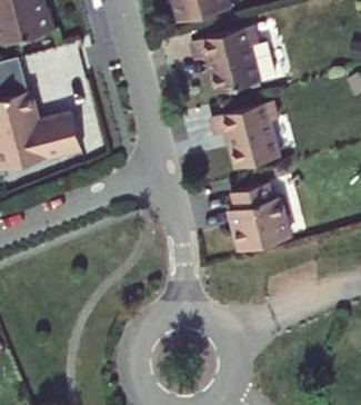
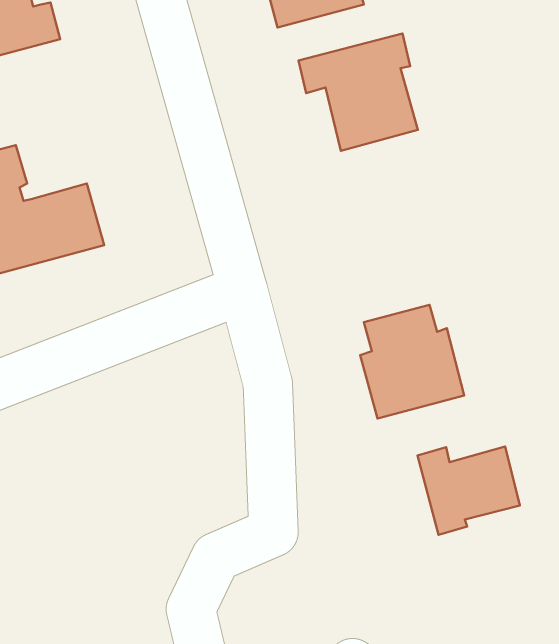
building: [212,100,279,167] -> none
building: none -> [417,446,520,535]

